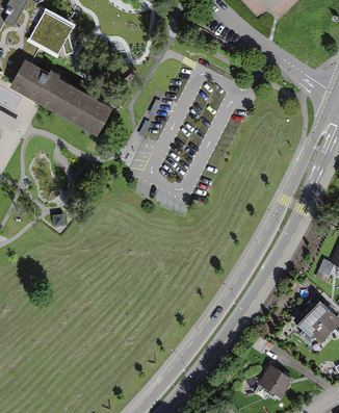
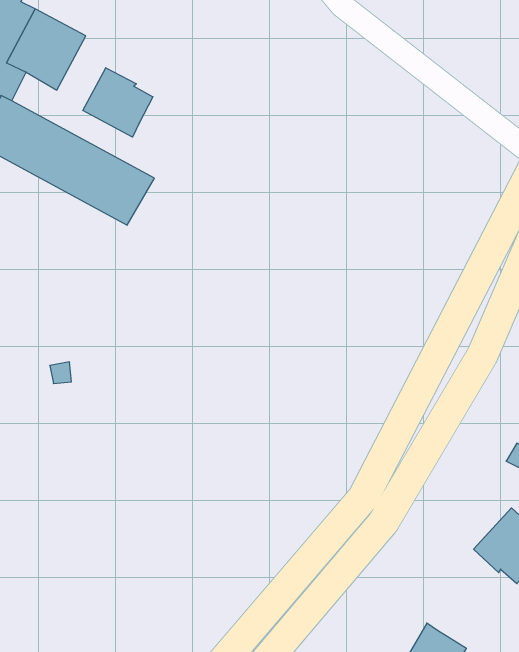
building: none -> [83,68,153,137]

